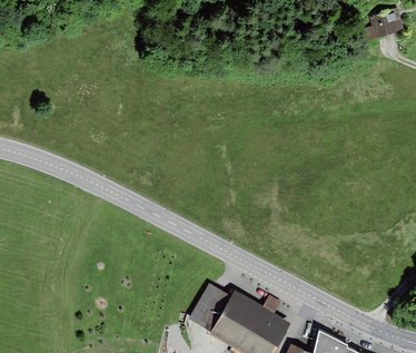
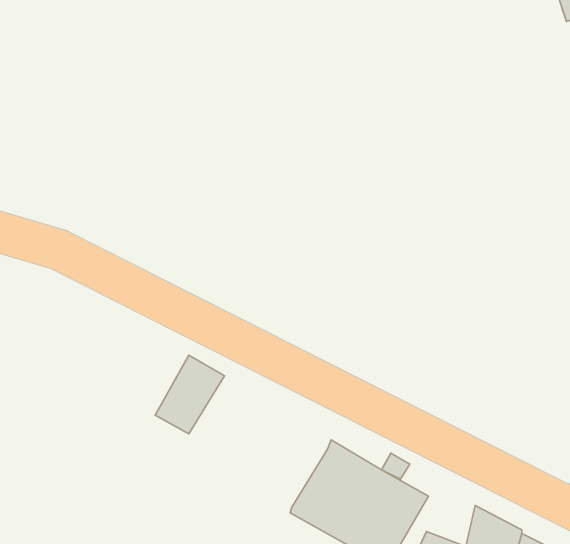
building: [189,282,230,329] -> [155,355,224,434]

